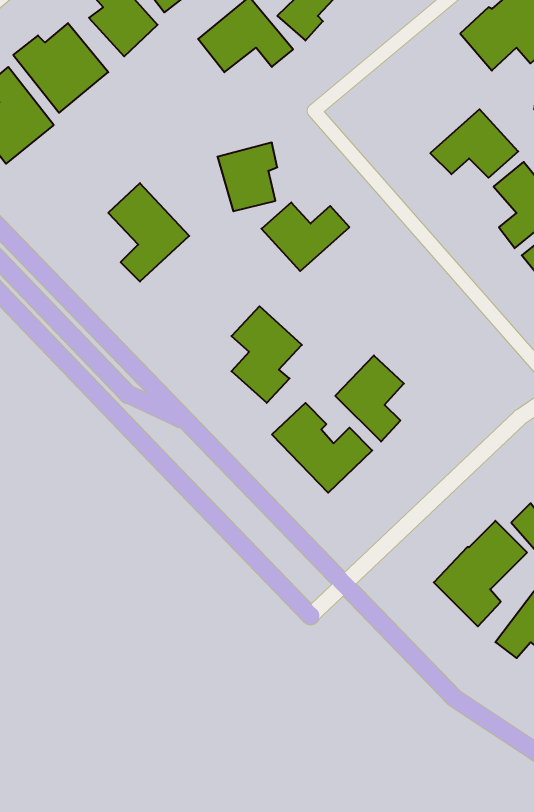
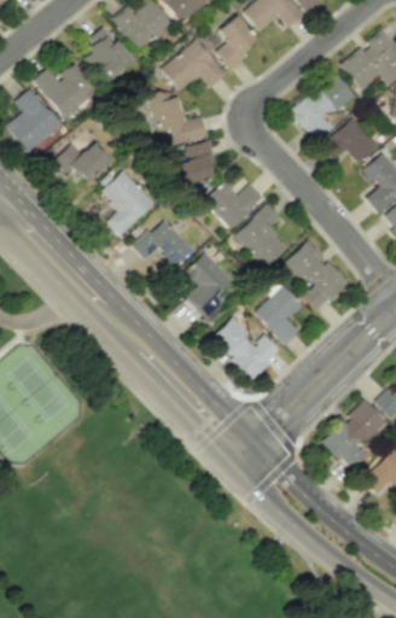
building: none -> [290,71,355,141]
building: none -> [150,88,208,147]
building: none -> [53,142,109,182]
building: none -> [234,203,289,267]
building: none -> [132,216,192,266]
building: none -> [284,239,348,310]

